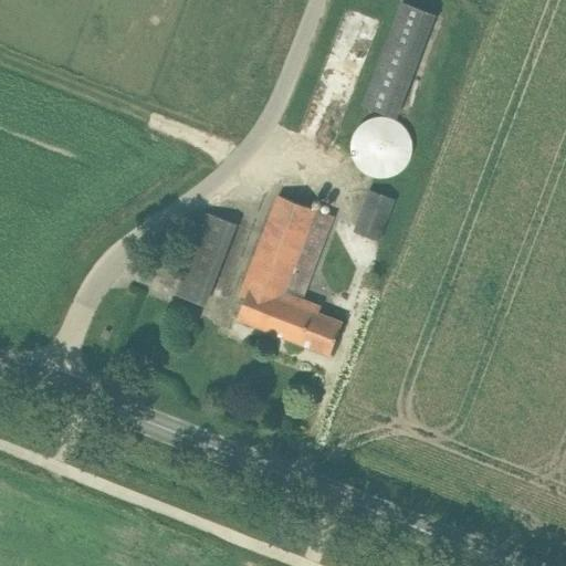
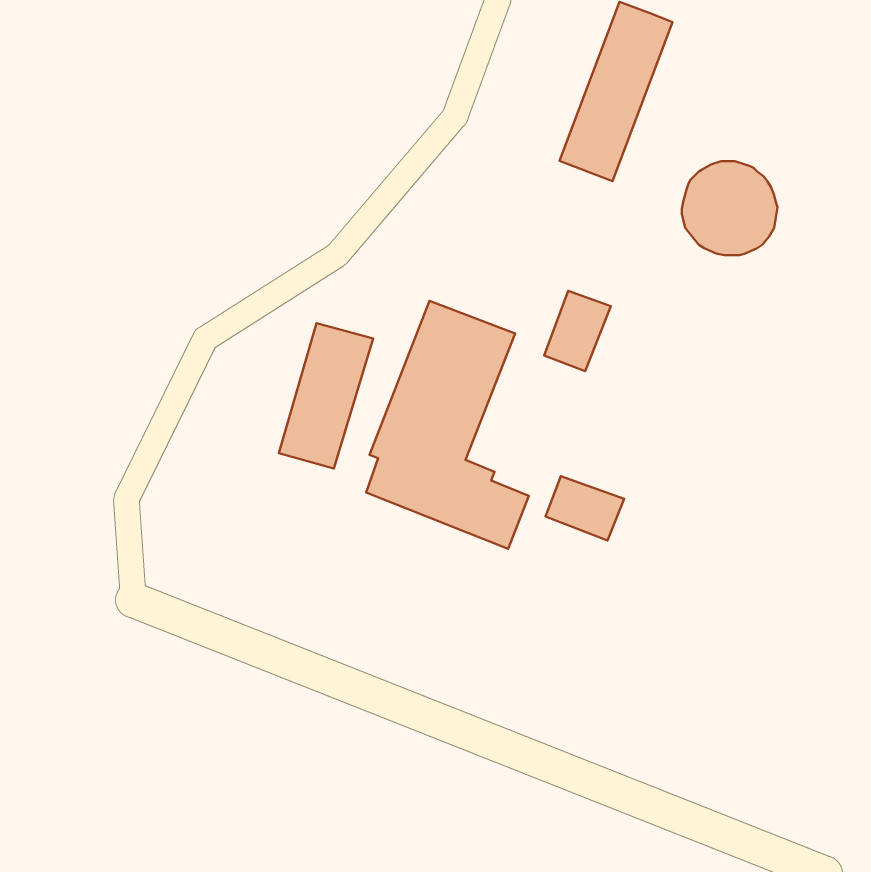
building: [349,117,411,178] -> [682,161,778,255]
building: none -> [546,476,624,541]

